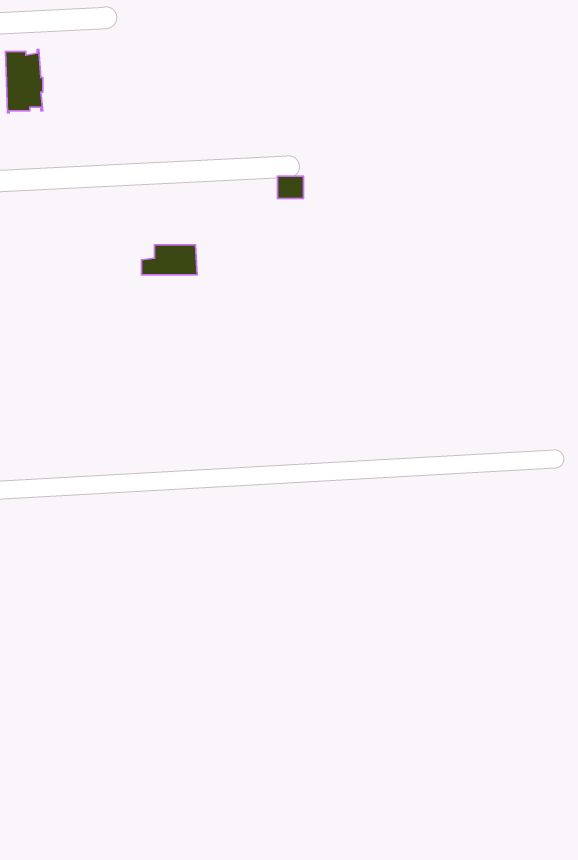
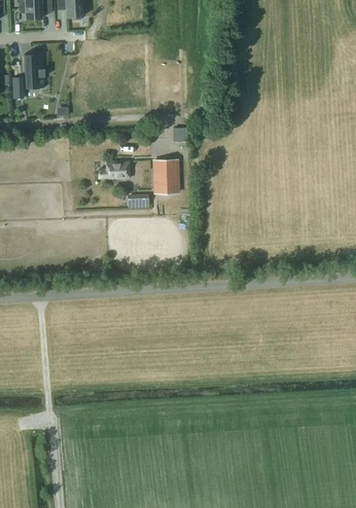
building: none -> [154,160,177,192]

